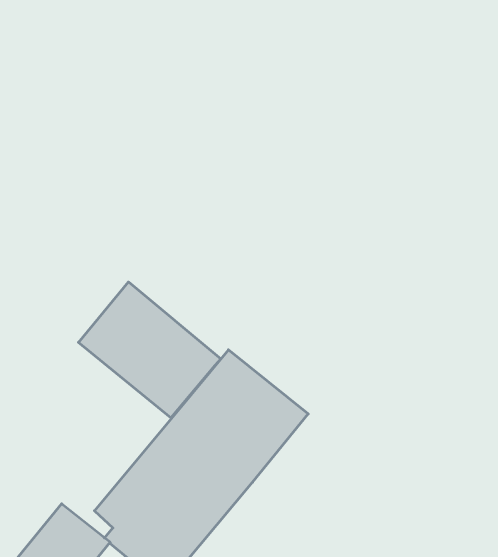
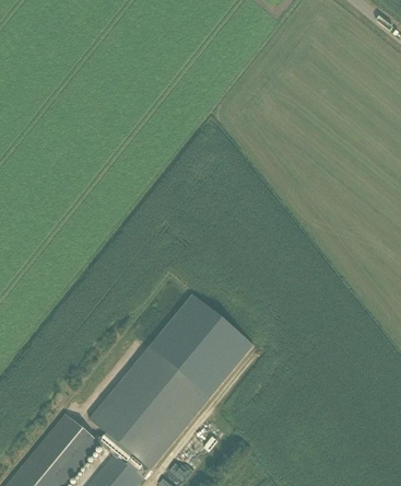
building: [78,282,221,418] -> none

